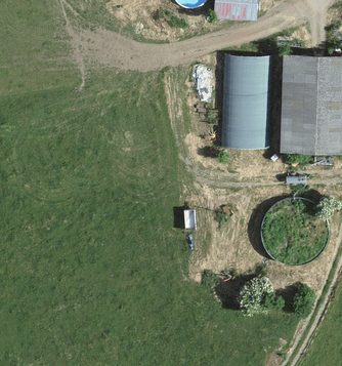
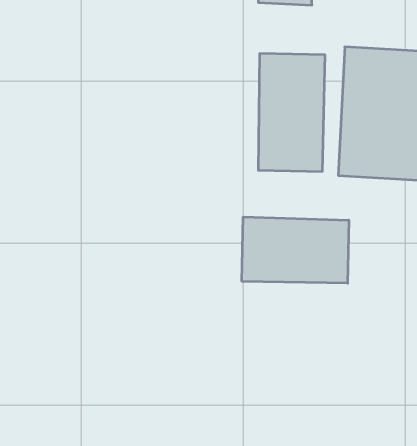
building: none -> [242,217,349,283]

